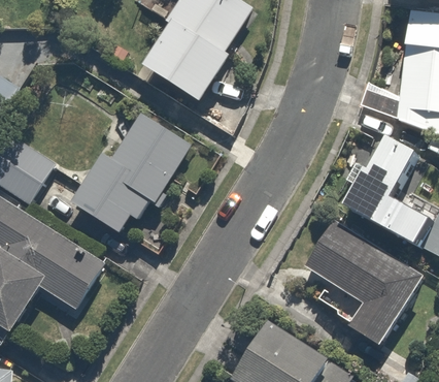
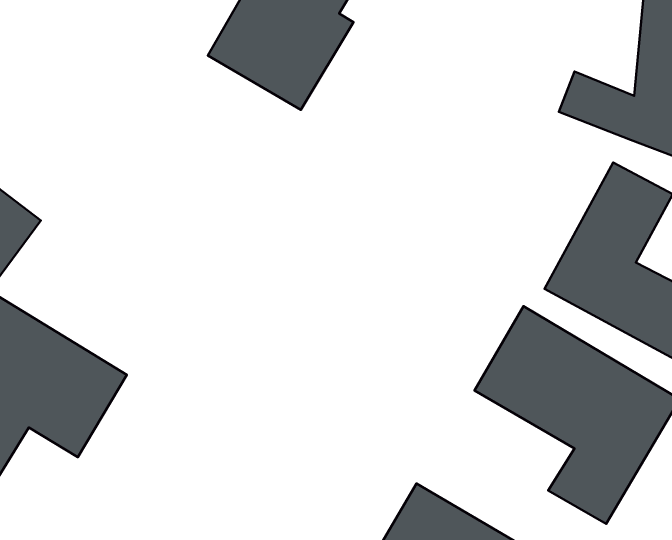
building: [68,112,192,232] -> none

